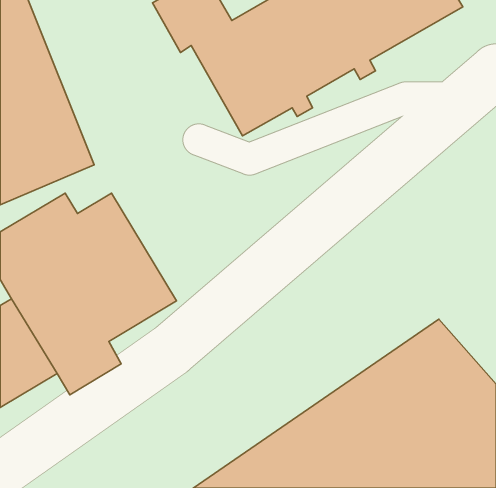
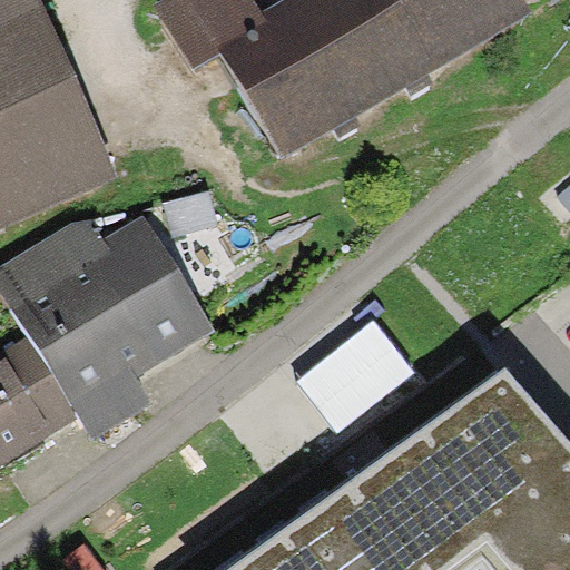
building: none -> [303,325,424,441]

